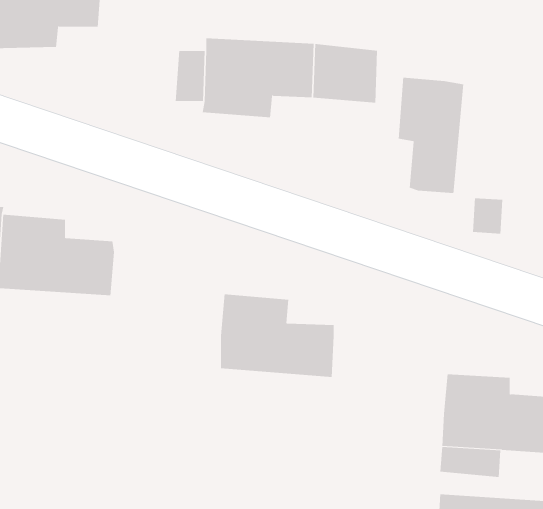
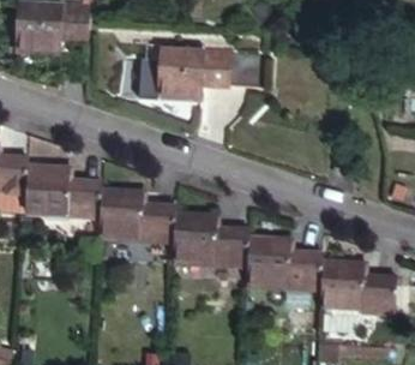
building: [398,77,464,194] -> none
building: none -> [96,185,173,240]
building: none -> [243,240,320,292]

